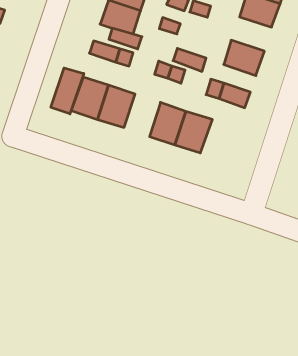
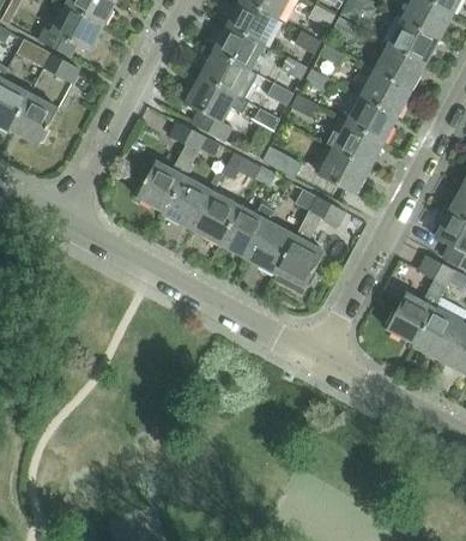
building: none -> [333,122,382,167]
building: [51,68,84,114] -> none
building: none -> [193,191,240,242]
building: none -> [276,235,323,287]

